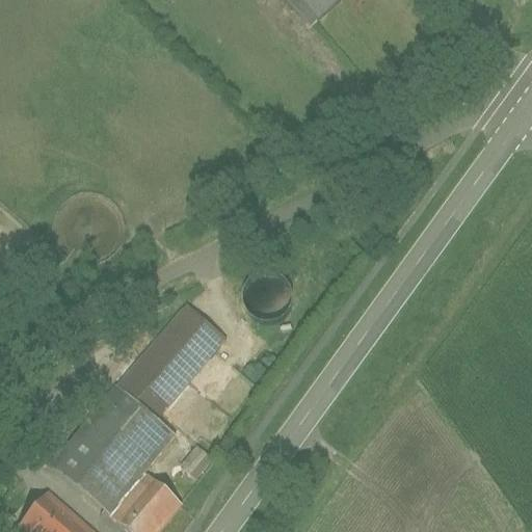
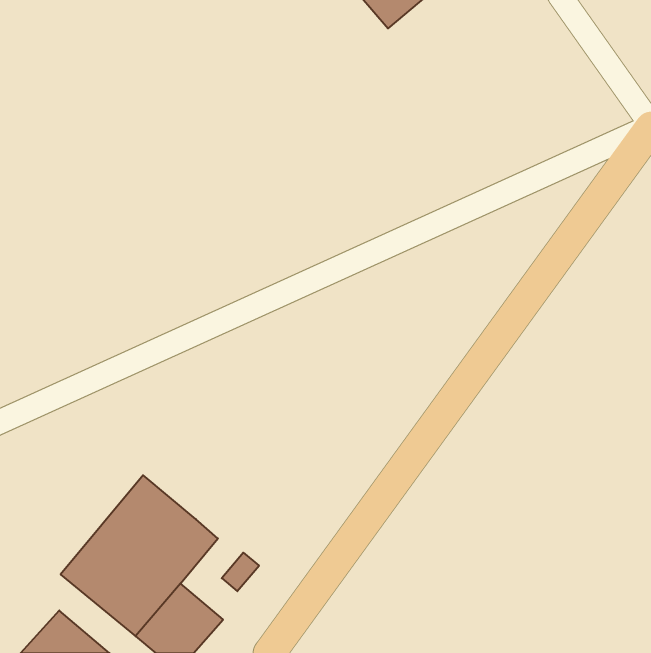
building: [115,300,228,419] -> none

